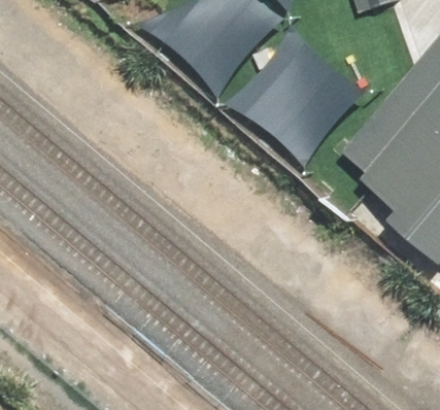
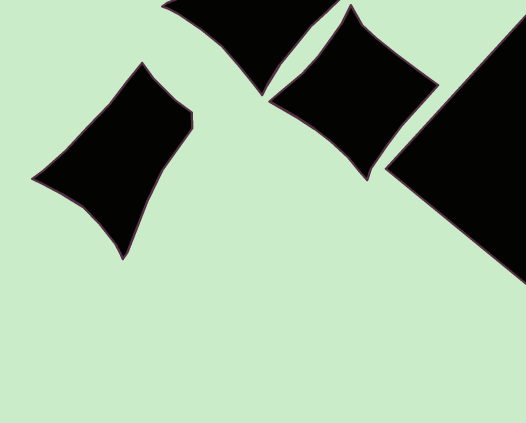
building: none -> [32,63,192,259]

